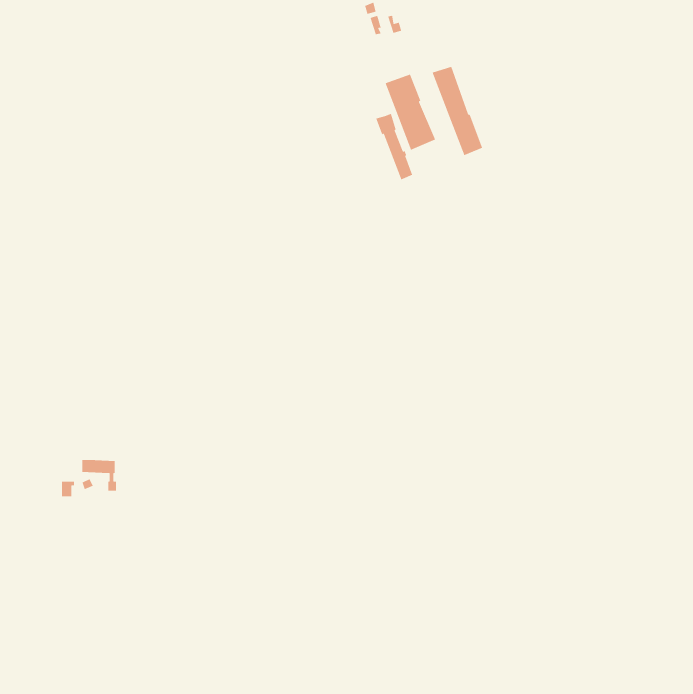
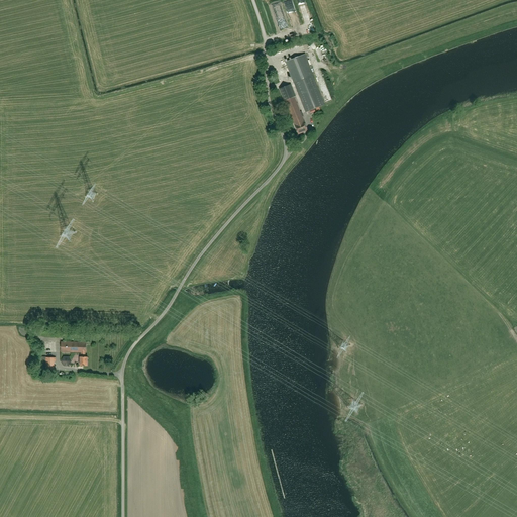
building: [432,66,483,156] -> none

